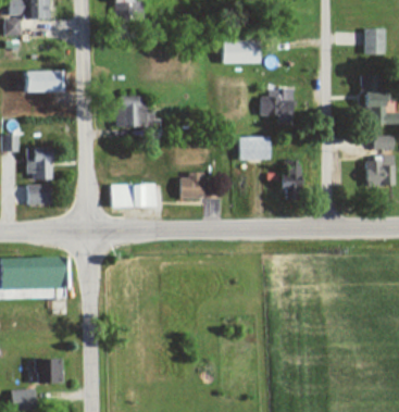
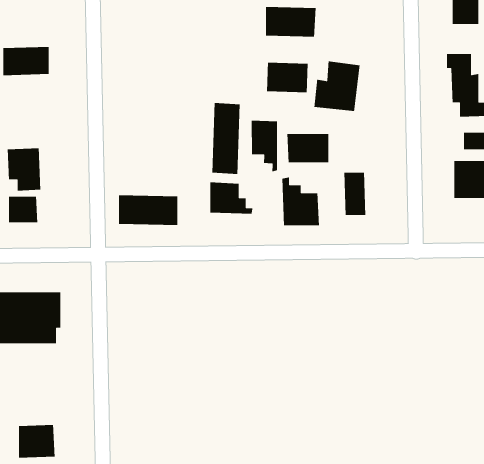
building: none -> [266,62,308,93]
building: [119,97,146,126] -> none
building: none -> [211,102,240,175]
building: none -> [251,120,278,172]
building: none -> [282,177,320,226]

